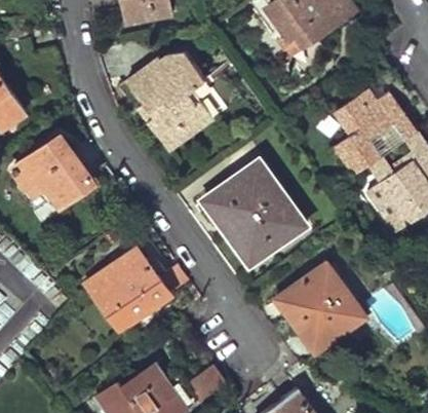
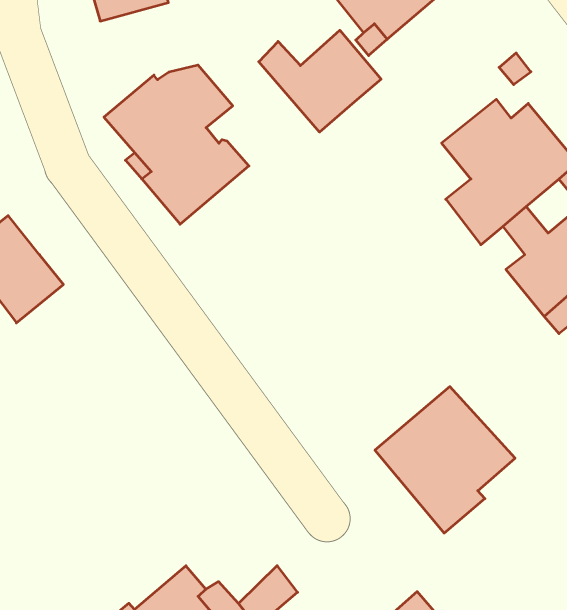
building: none -> [259,30,381,132]
building: [211,163,299,265] -> none
building: [96,249,187,324] -> none

